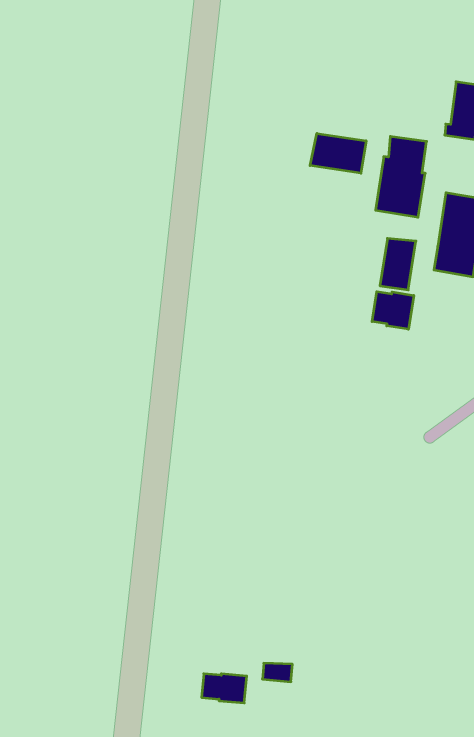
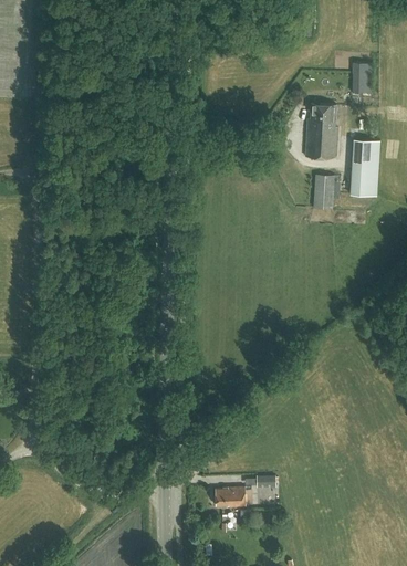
building: [310,133,366,173] -> none
building: [372,292,414,329] -> none

